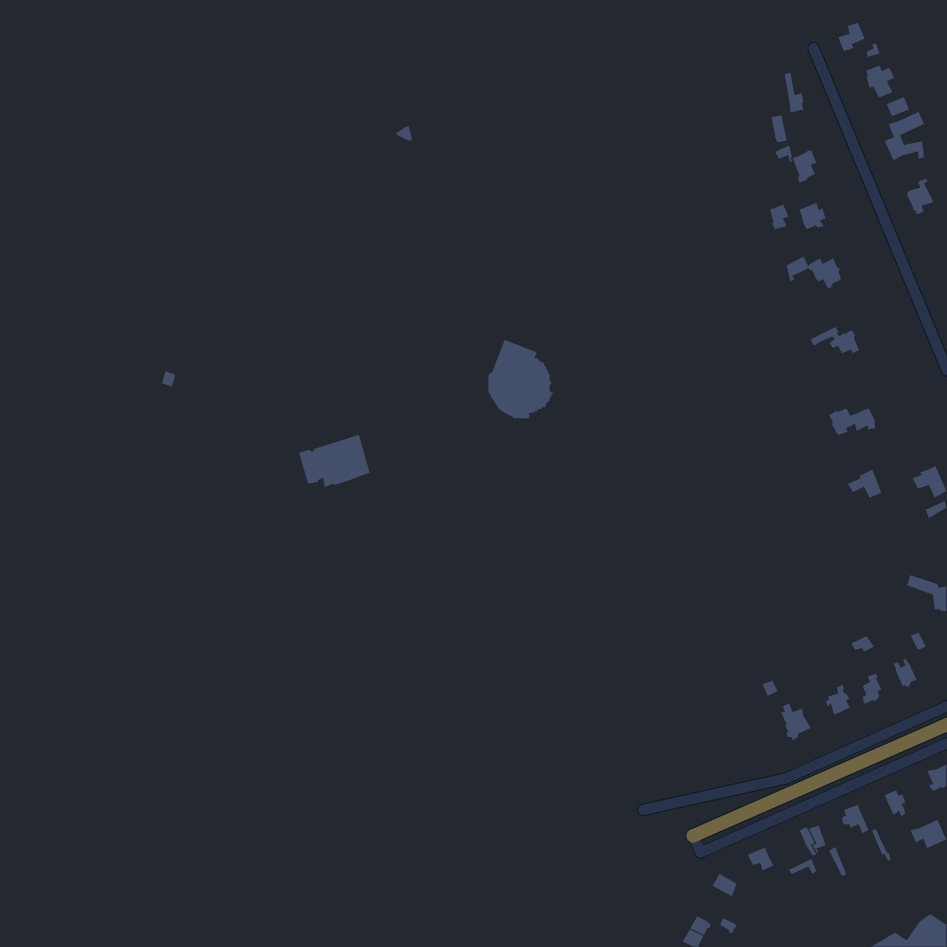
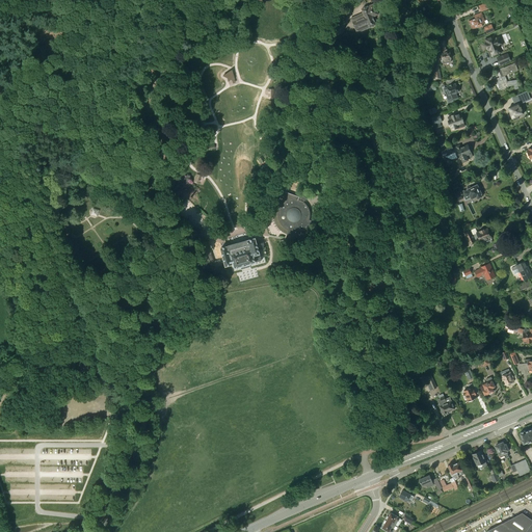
building: none -> [351,4,378,32]
building: [298,434,371,488] -> [220,238,261,268]

